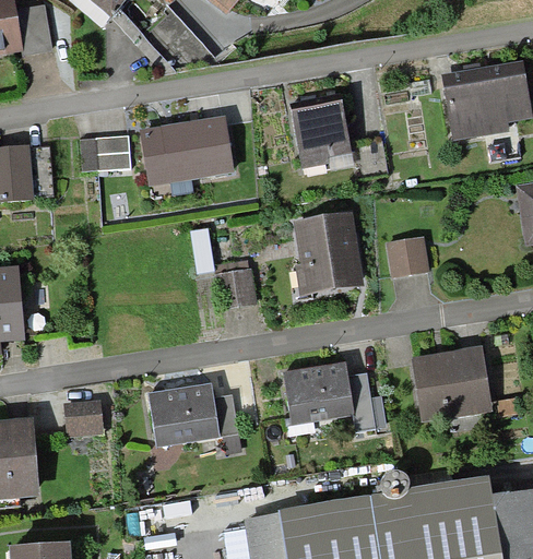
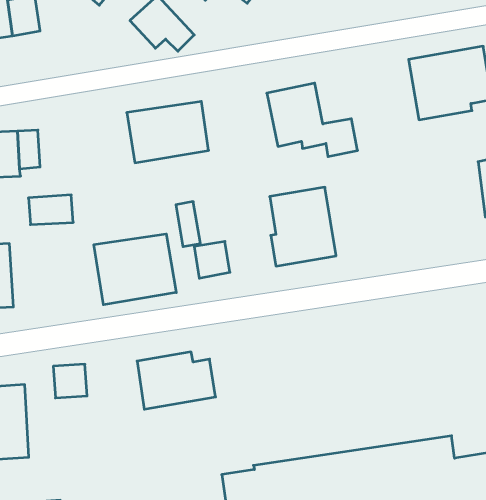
building: [80,138,128,169] -> [28,195,73,225]
building: [387,236,431,277] -> none
building: none -> [94,234,176,305]
building: [413,349,490,421] -> none
building: [283,361,374,428] -> none

